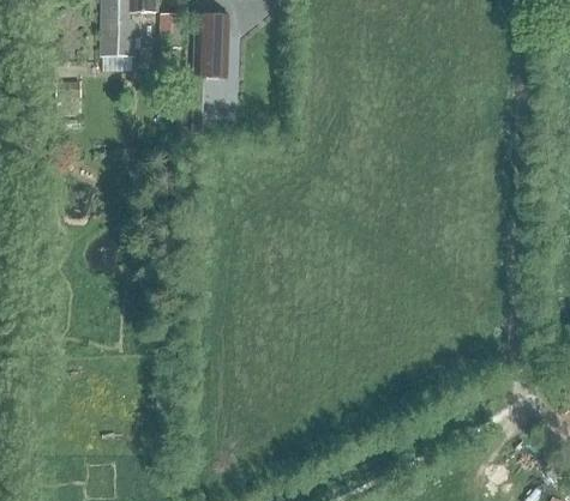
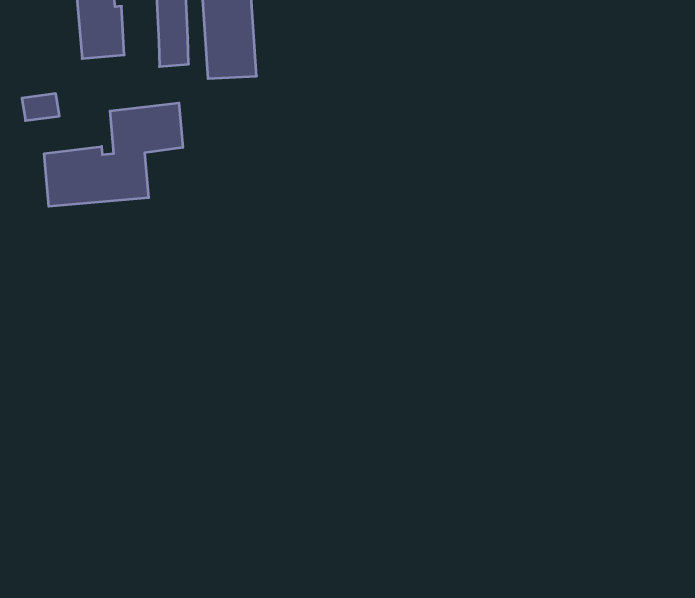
building: none -> [44,103,183,206]

